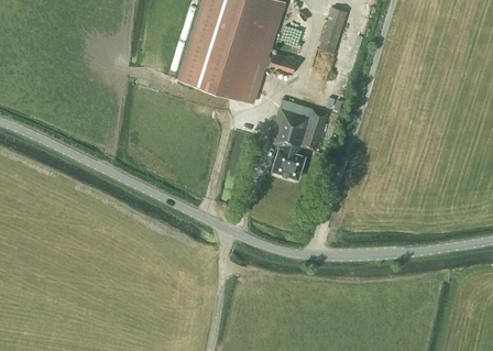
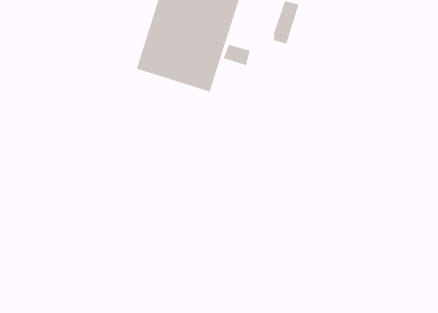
building: [267,100,326,179] -> none

